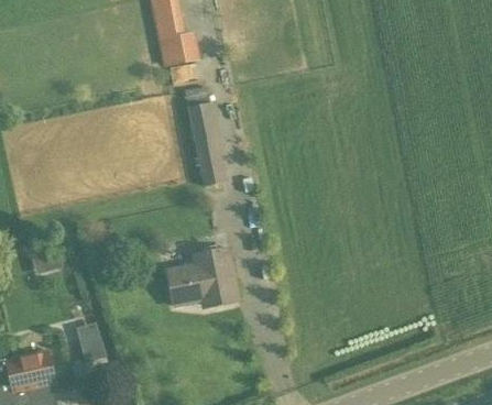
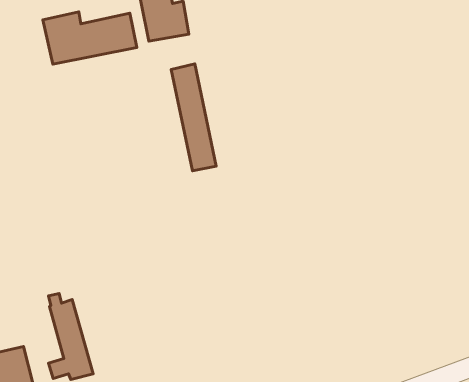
building: none -> [43,12,137,64]
building: [165,247,238,307] -> none

